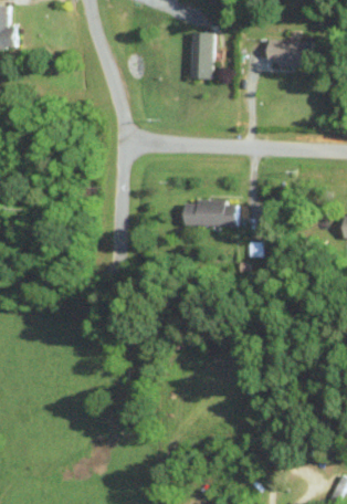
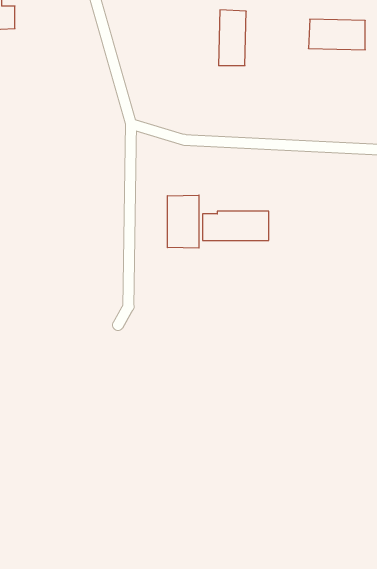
building: none -> [167,195,199,248]

